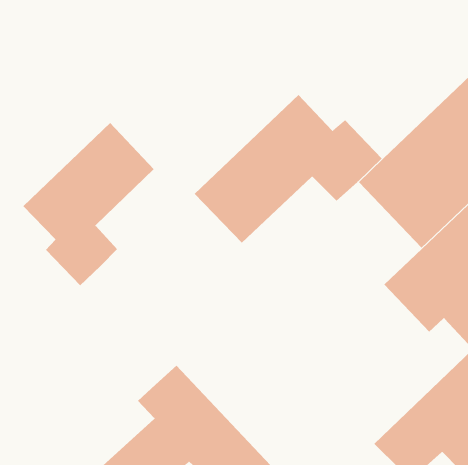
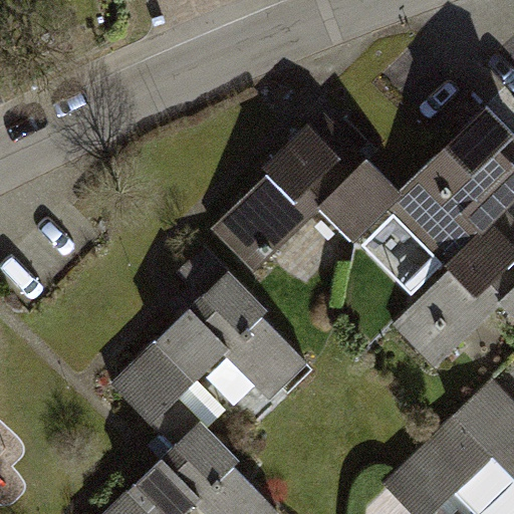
building: [23,122,155,286] -> none
building: none -> [113,257,306,431]

